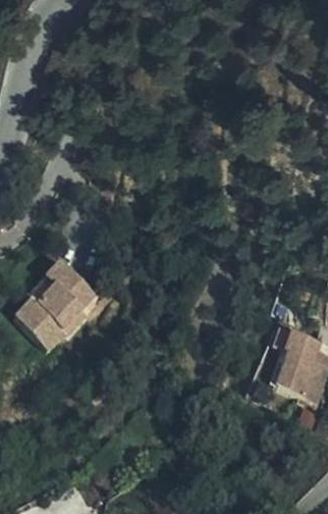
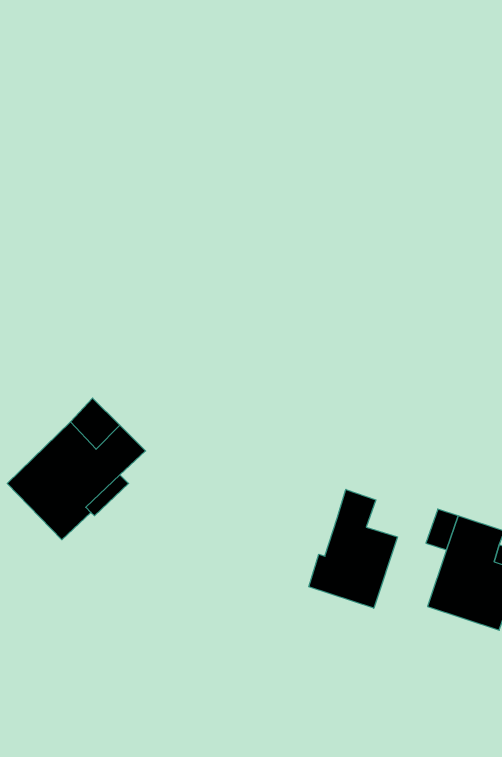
building: none -> [309,489,397,608]

